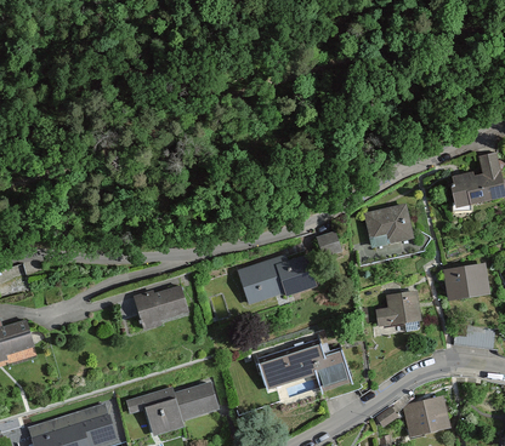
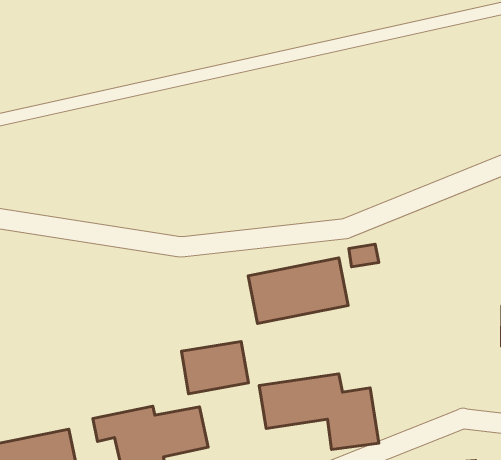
building: [368,205,418,251] -> none
building: [136,284,193,331] -> [181,342,248,394]
building: [376,295,425,331] -> none

